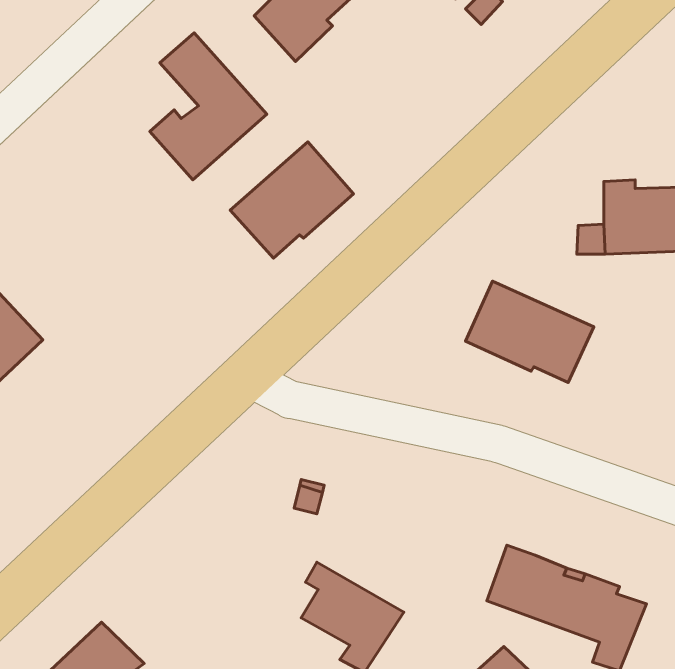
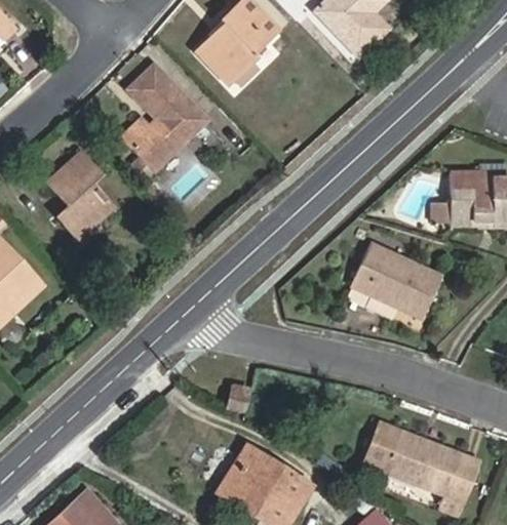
building: [230,142,354,258] -> none
building: none -> [45,150,116,241]
building: none -> [216,459,267,515]

